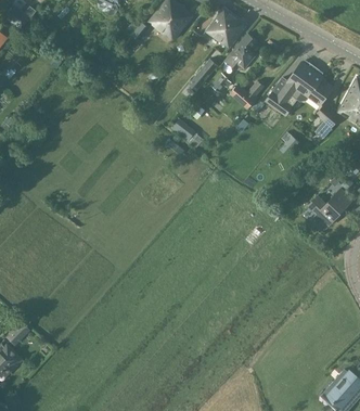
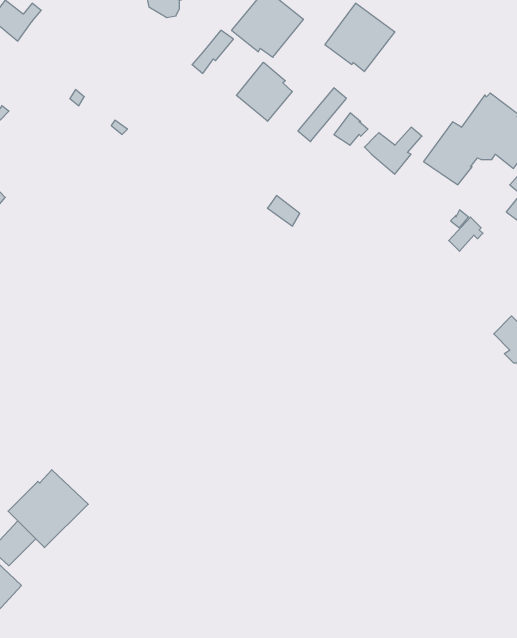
building: [226,33,258,68] -> none
building: none -> [236,62,292,121]
building: none -> [8,470,88,548]

